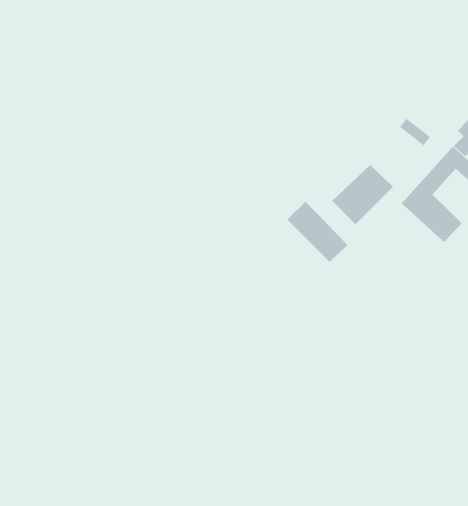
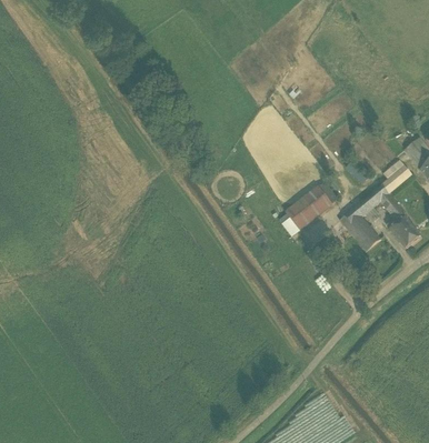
building: [286,201,349,262] -> none

